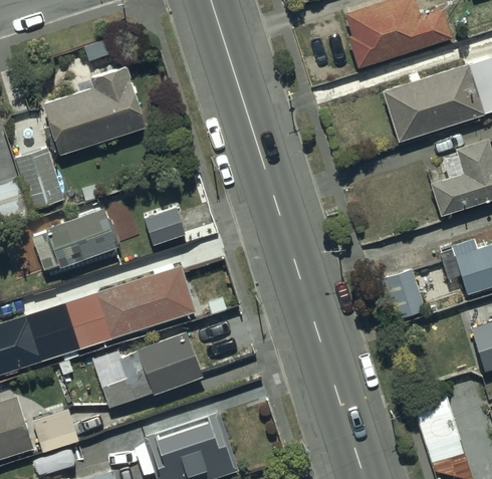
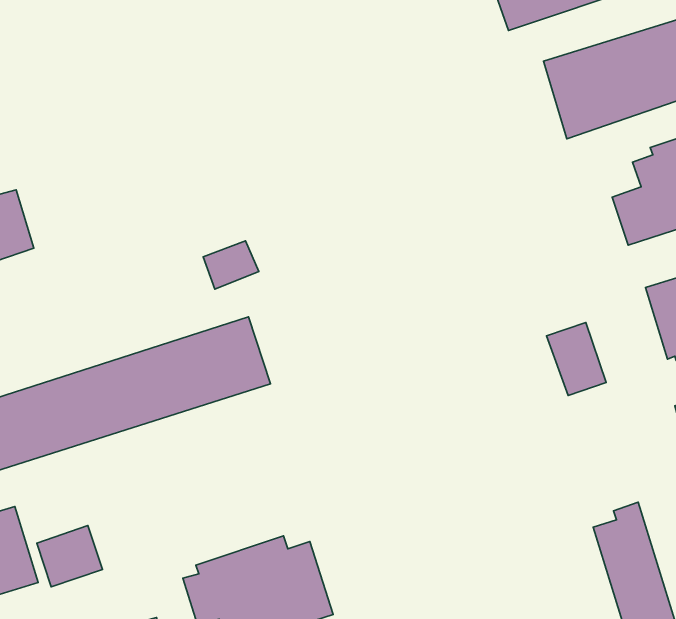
building: [44,67,145,155] -> none
building: [16,147,77,210] -> none
building: [33,209,115,270] -> none
building: [90,333,201,408] -> none

